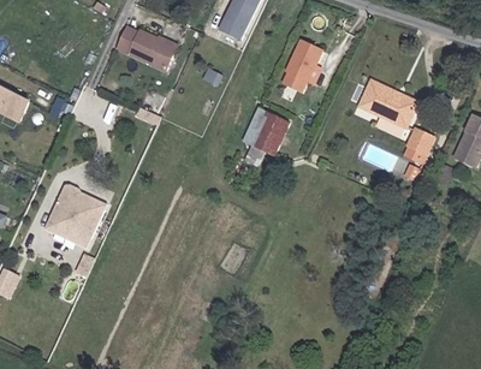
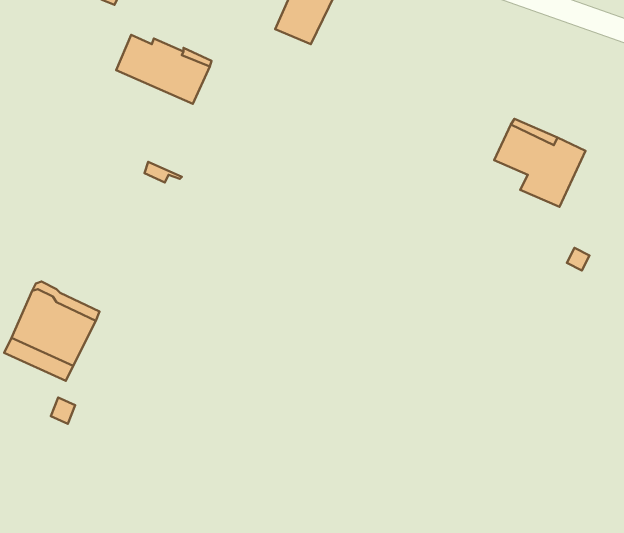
building: [287,37,323,81] -> none
building: [232,107,290,173] -> none
building: [404,126,437,162] -> none

